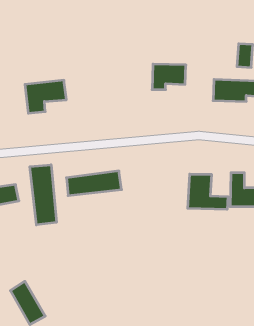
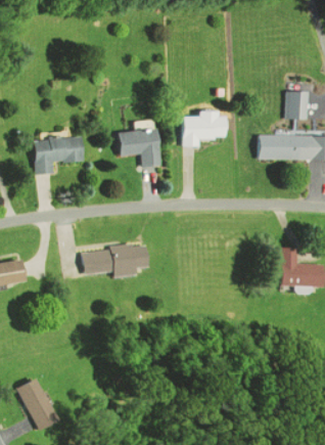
building: none -> [120,126,164,167]
building: [30,165,56,225] -> none
building: [188,174,228,209] -> none

